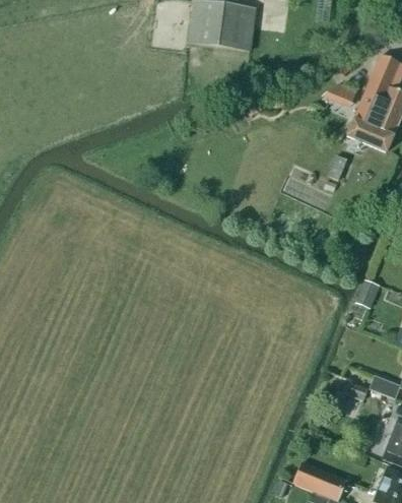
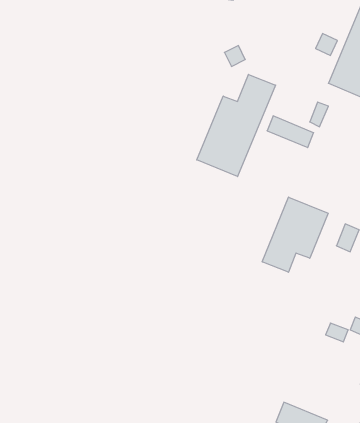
building: none -> [197,74,276,177]
building: none -> [262,197,328,272]

